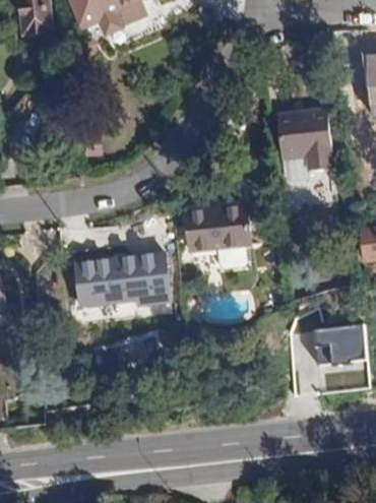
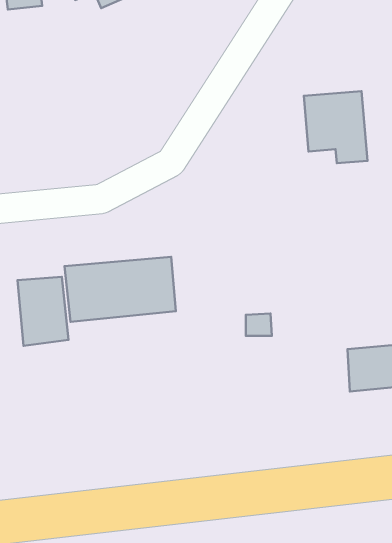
building: [181,204,252,253] -> none
building: none -> [18,277,68,346]

